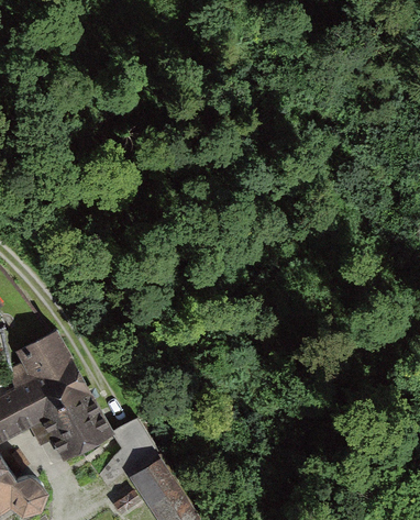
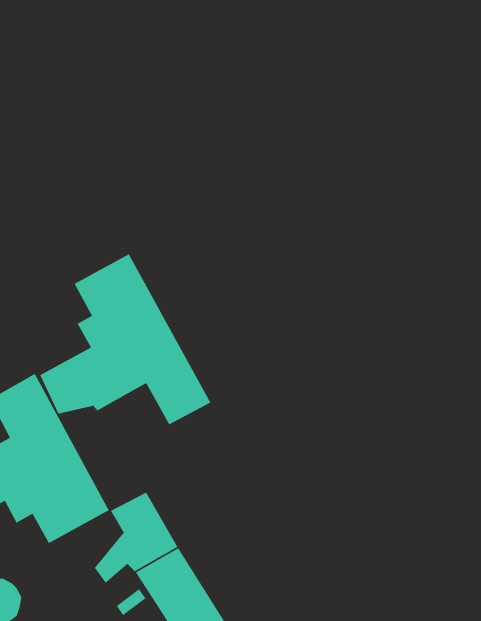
building: none -> [39,253,212,426]

